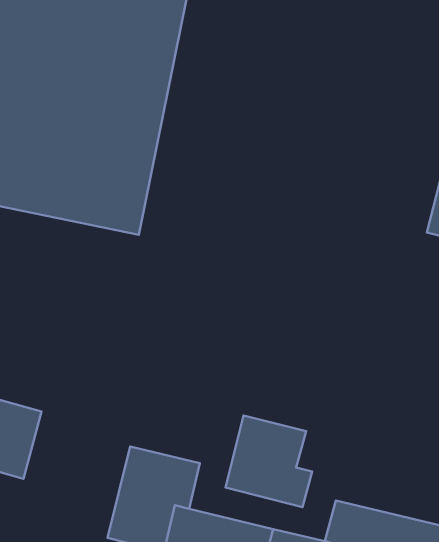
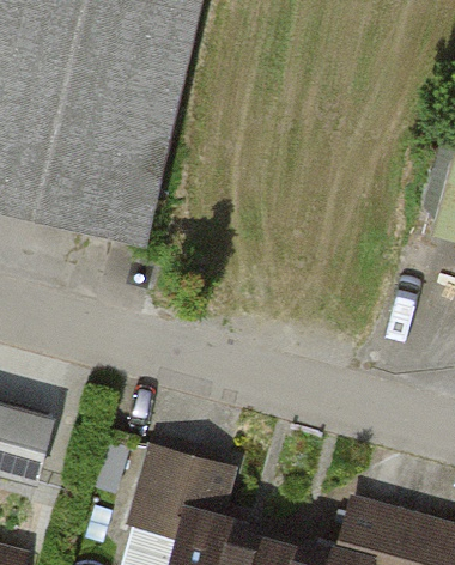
building: [226,416,312,507] -> none

